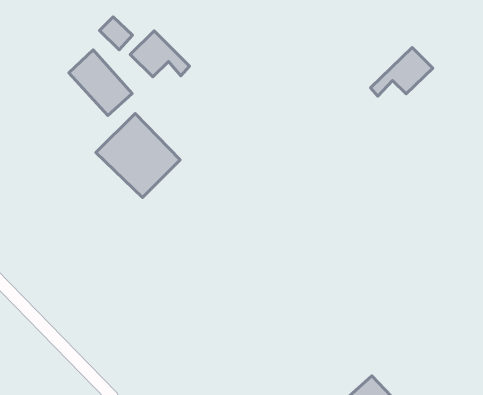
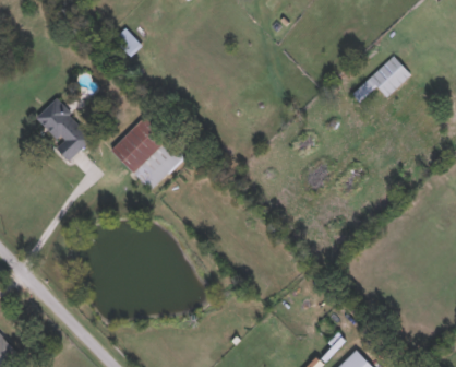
building: [130,31,190,77] -> none
building: [69,50,132,116] -> [35,98,92,157]

